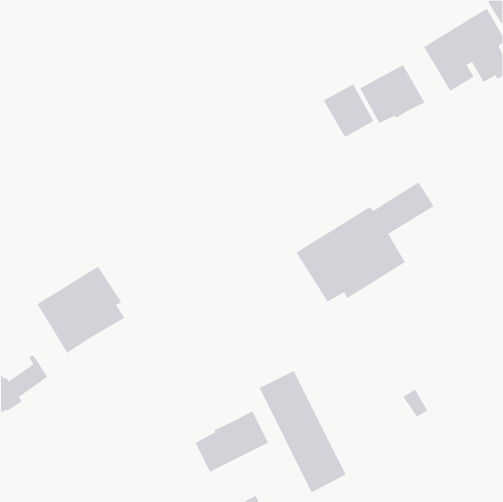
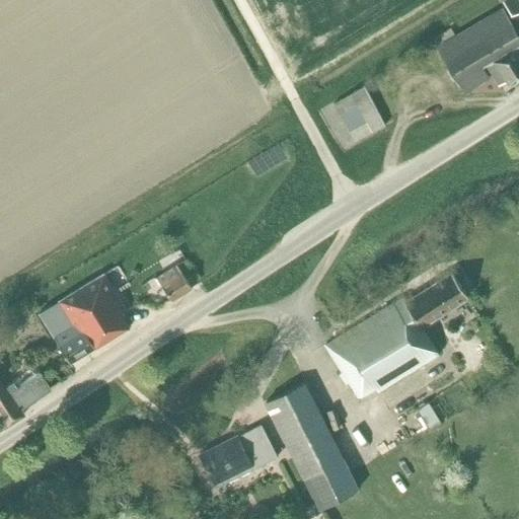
building: [359,64,425,124] -> none
building: [296,182,434,303] -> [324,273,467,397]
building: none -> [156,267,191,302]

